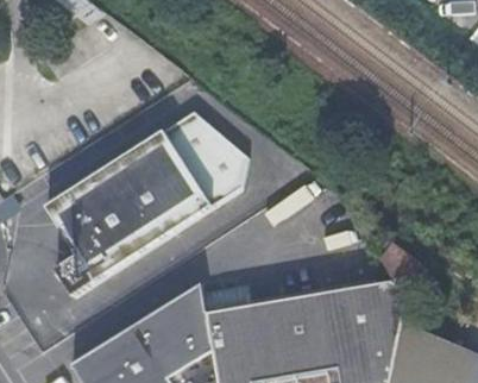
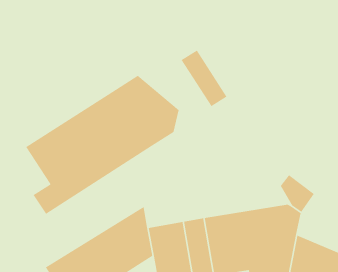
building: none -> [181,49,227,107]

